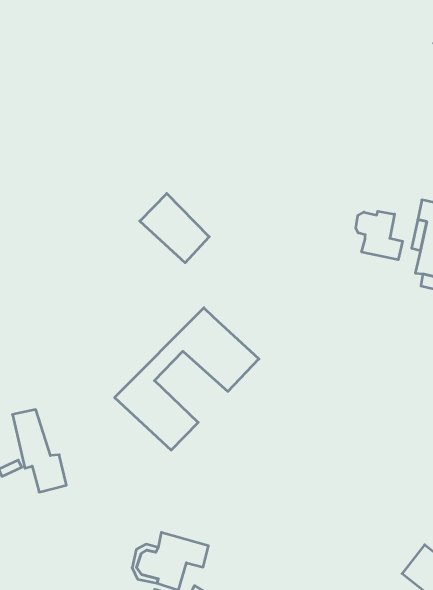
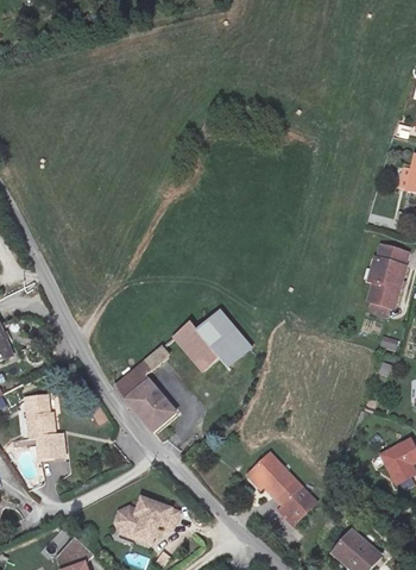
building: [140,193,209,263] -> [197,311,252,368]
building: [356,211,403,260] -> none
building: none -> [257,461,310,516]

